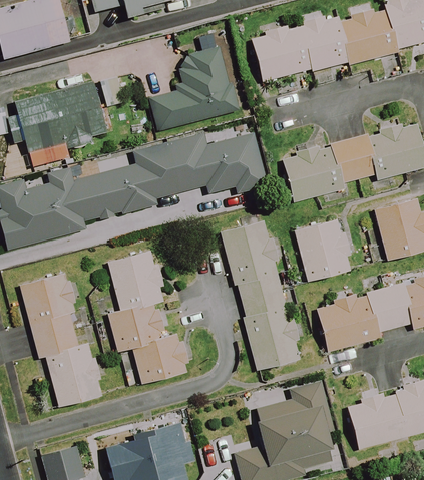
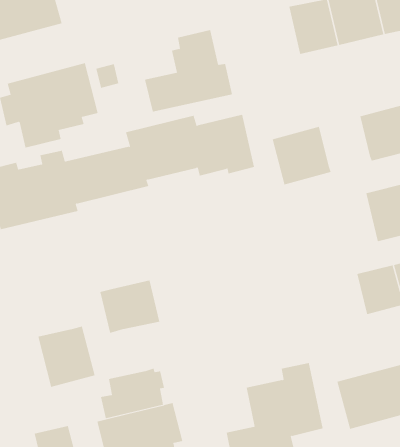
building: [252,24,309,82] -> none
building: [329,134,379,184] -> none
building: [295,218,354,282] -> none
building: [223,221,298,370] -> none
building: [109,253,164,308] -> none
building: [20,274,79,358] -> none
building: [316,293,378,351] -> none
building: [123,338,188,389] -> [100,368,165,419]

